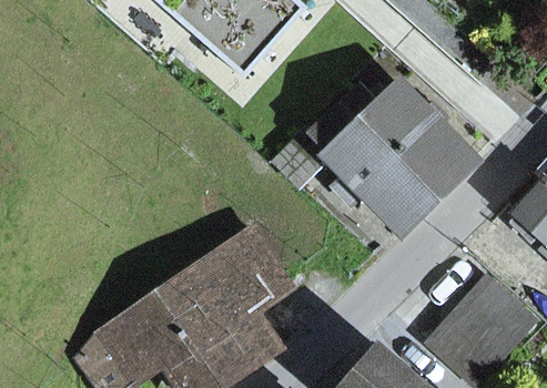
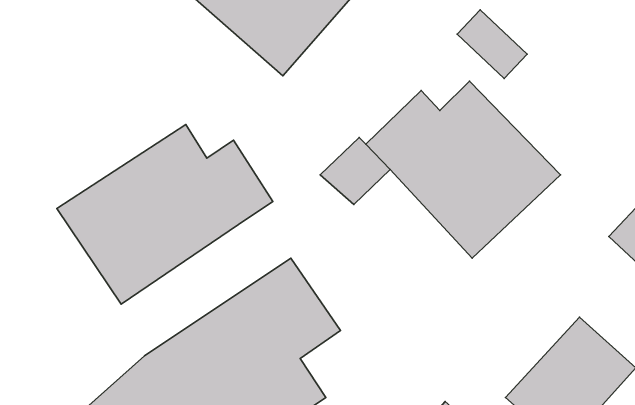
building: none -> [57,125,273,304]

